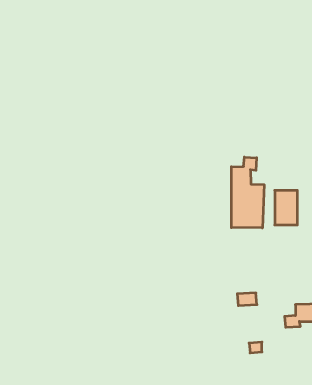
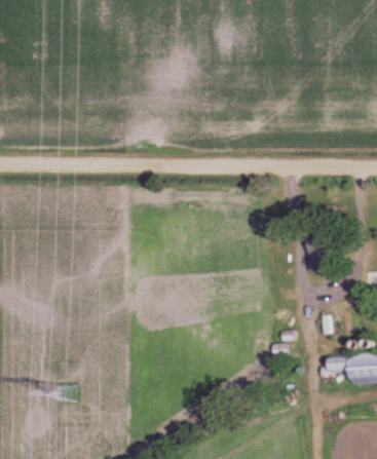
building: [231,157,264,228] -> none

